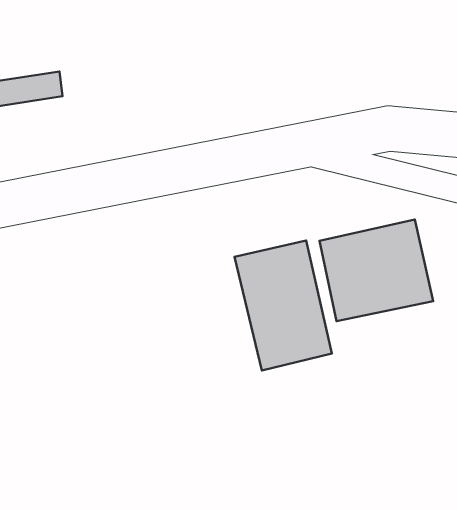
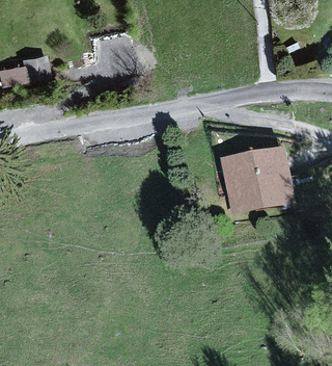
building: [234,241,332,371] -> none

